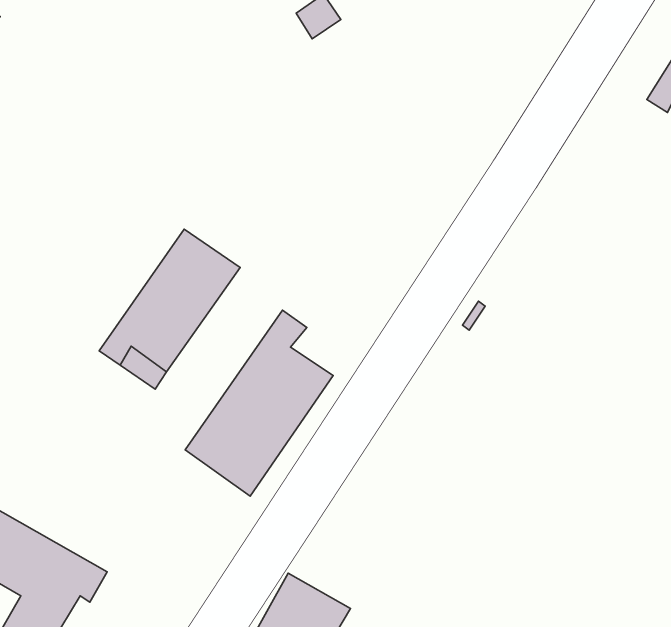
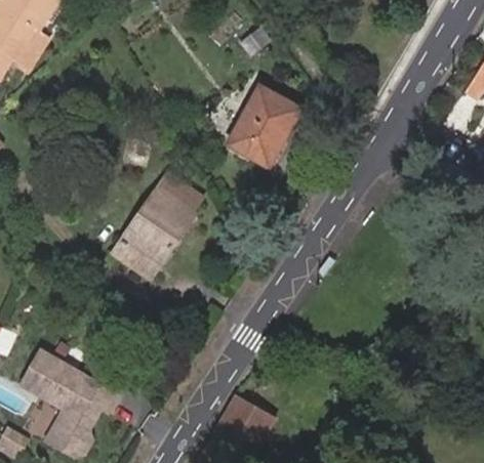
building: none -> [229,88,299,165]
building: [185,310,333,496] -> none

